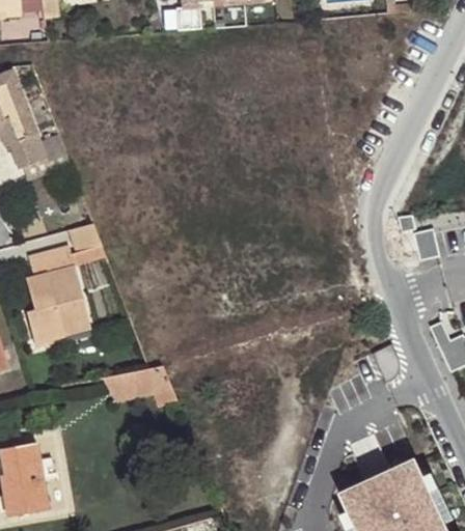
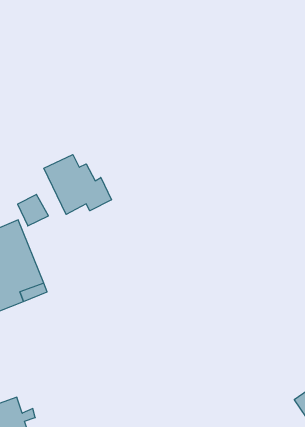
building: none -> [44,155,111,214]
building: [102,366,176,408] -> none

